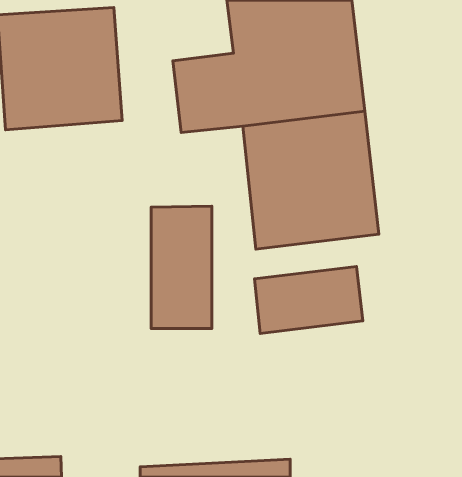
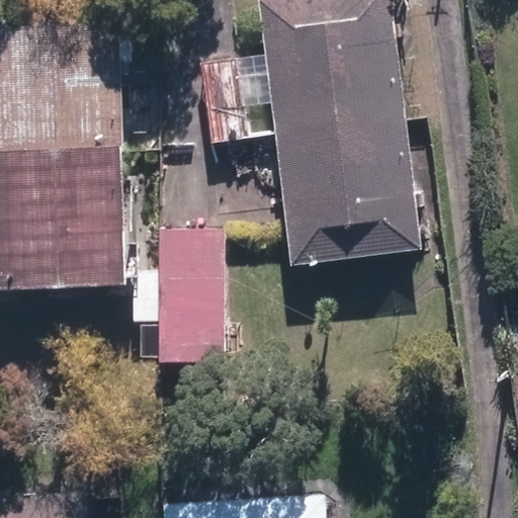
building: none -> [6,131,143,278]
building: [254,267,363,333] -> none

